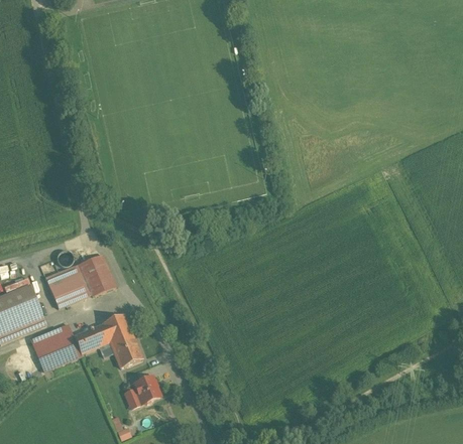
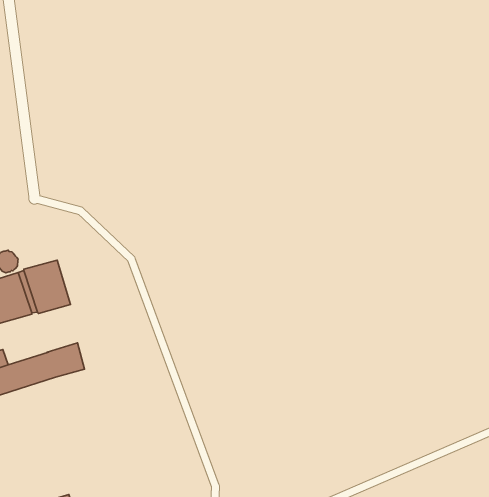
building: [110,332,142,366] -> none
building: [125,376,160,407] -> none

